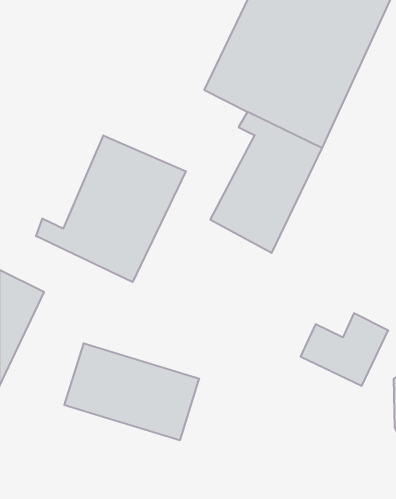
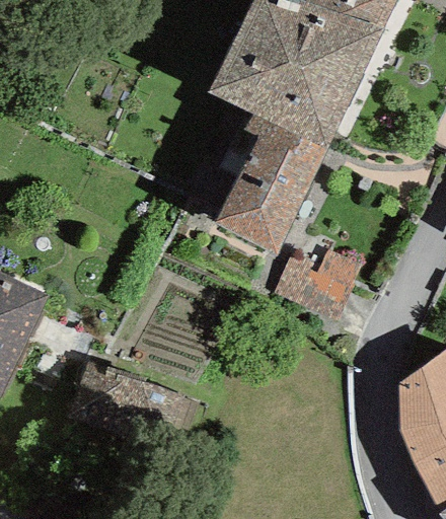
building: [36,135,186,282] -> none
building: [301,313,388,386] -> [274,247,362,320]

